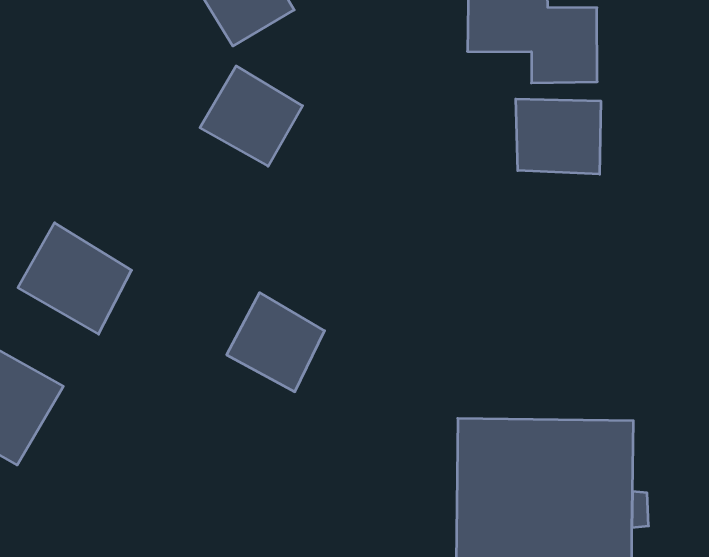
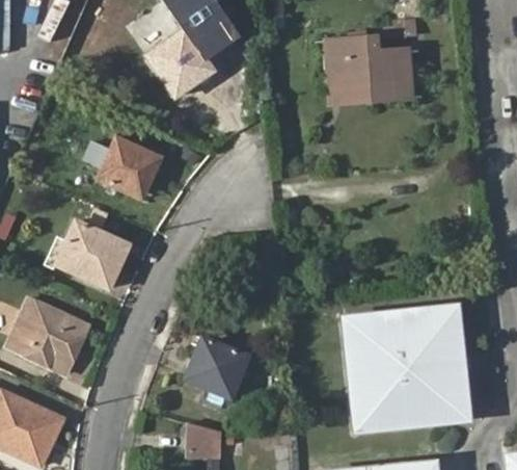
building: [200,66,303,166] -> [100,137,163,199]
building: [516,99,601,174] -> none
building: [227,293,325,392] -> [187,335,247,395]

